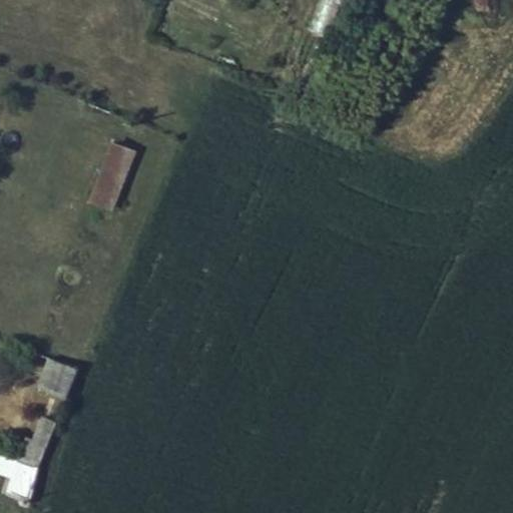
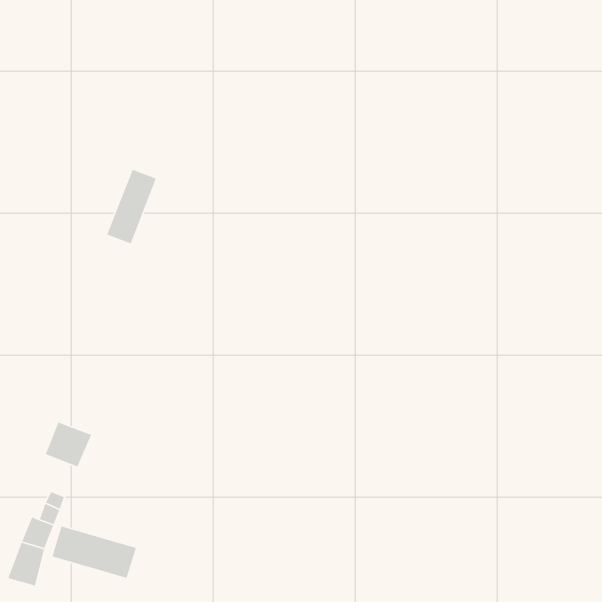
building: none -> [51,525,137,579]

